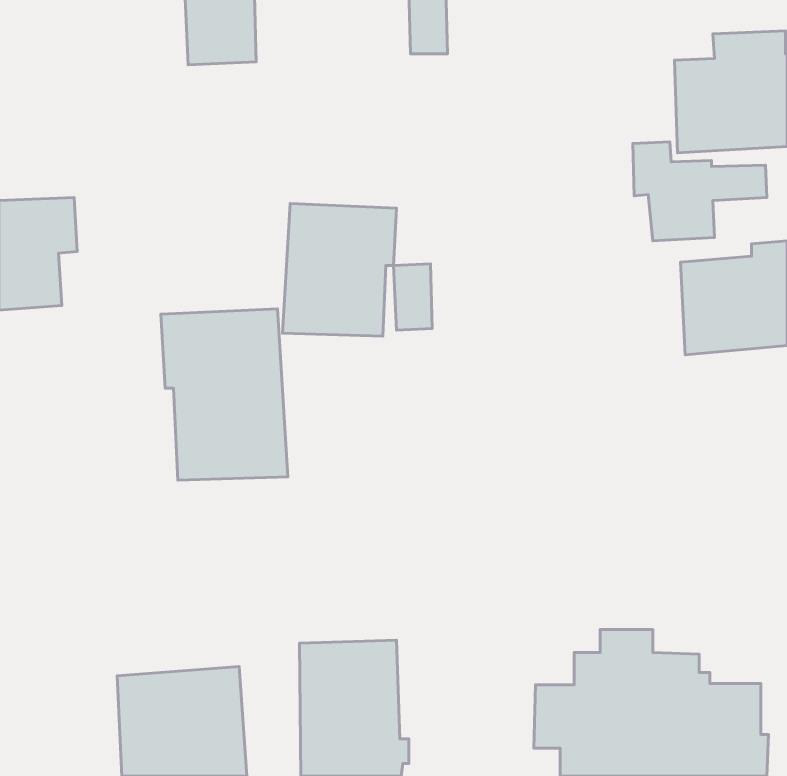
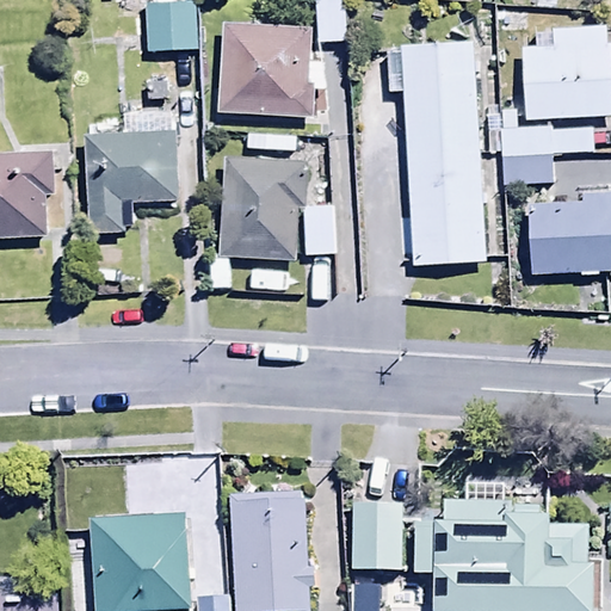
building: none -> [218,24,326,116]
building: none -> [388,44,486,265]
building: none -> [85,112,175,234]
building: [161,309,288,480] -> none
building: none -> [352,502,405,582]

